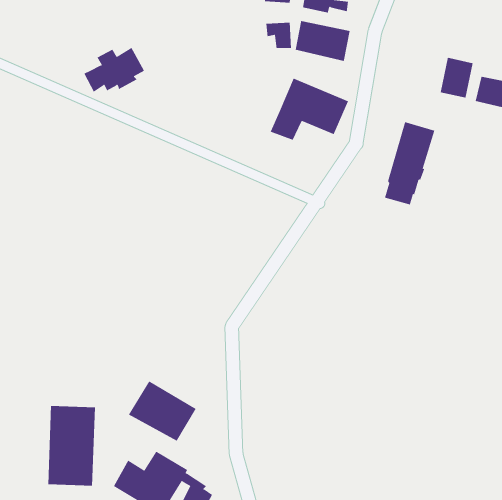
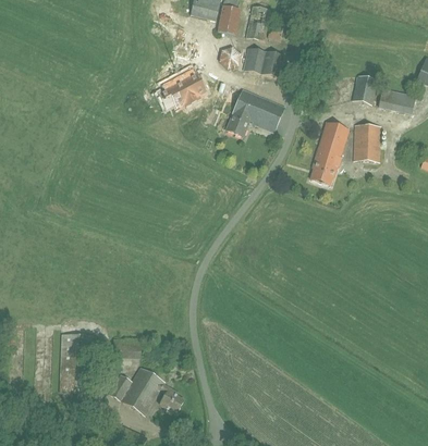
building: [83,47,145,93] -> [158,73,204,107]
building: none -> [352,124,380,162]
building: [128,381,196,441] -> none

